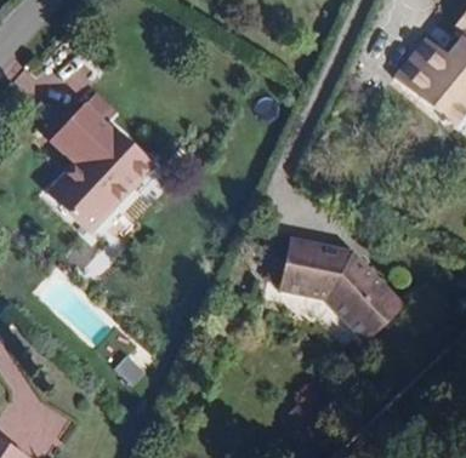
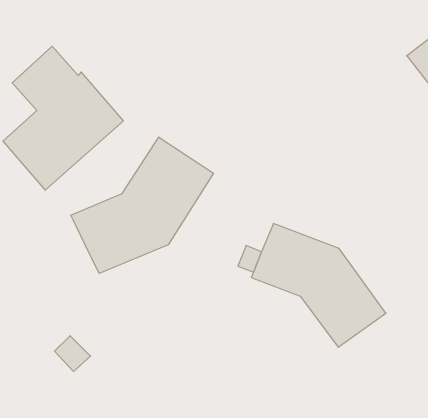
building: none -> [71,137,213,273]

